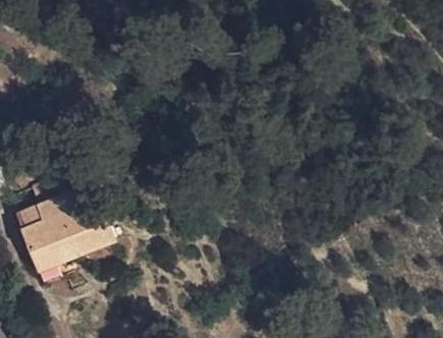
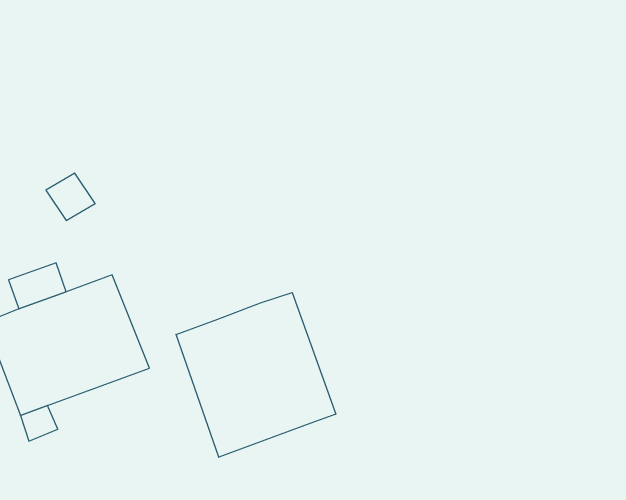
building: none -> [176,293,336,457]

